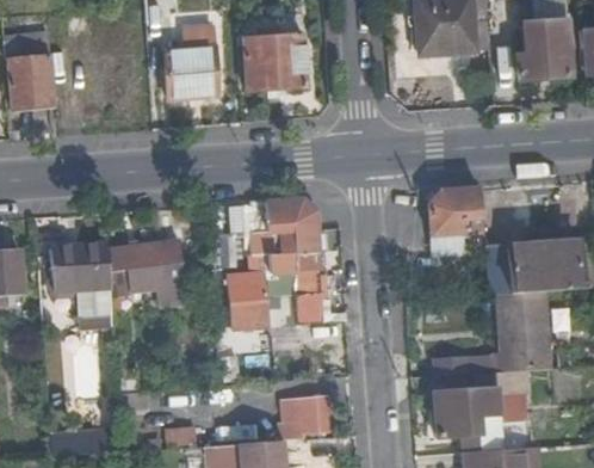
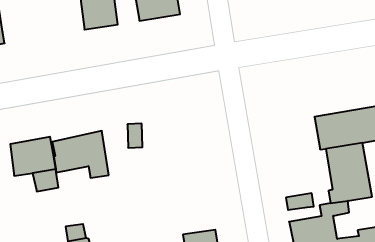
building: [426,190,479,258] -> none
building: [225,198,327,327] -> none

